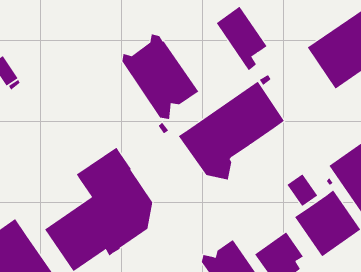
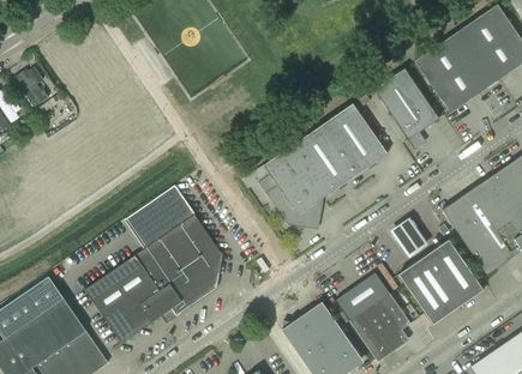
building: [216,6,267,71] -> [373,68,438,150]
building: [122,33,199,120] -> none
building: none -> [335,272,389,321]

